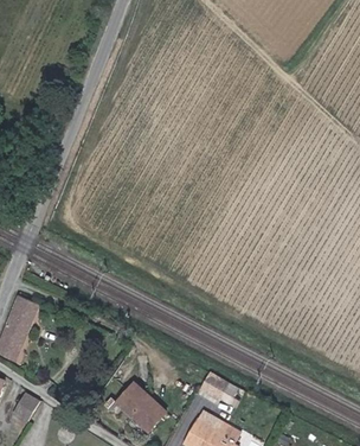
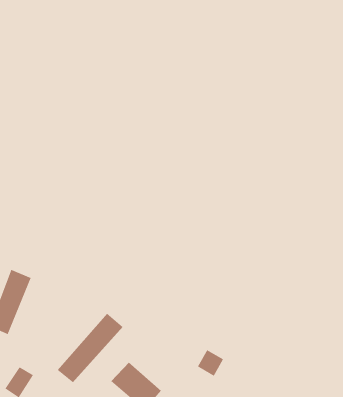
building: none -> [57,313,124,383]

